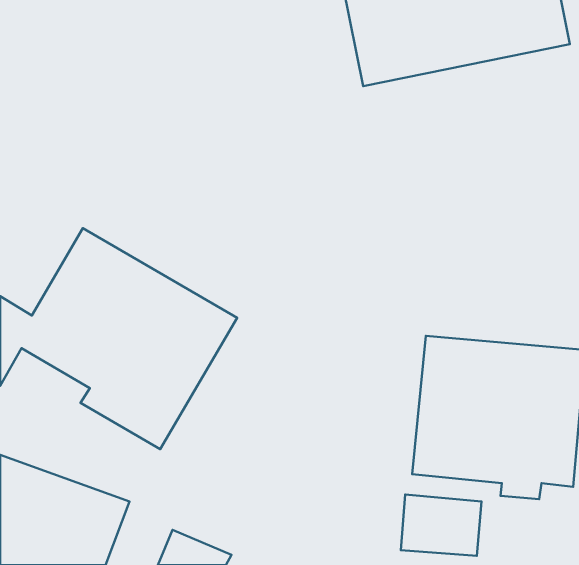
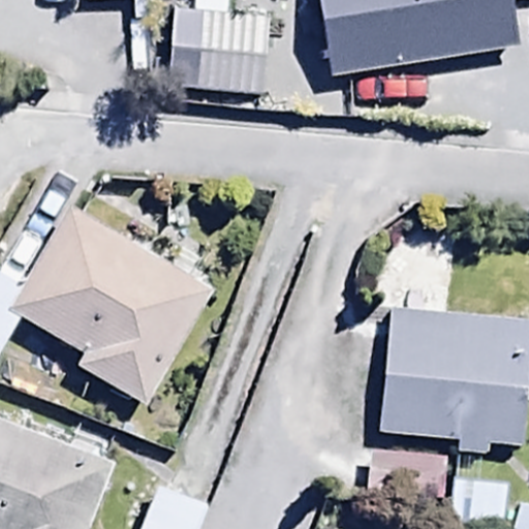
building: none -> [168,4,267,91]

